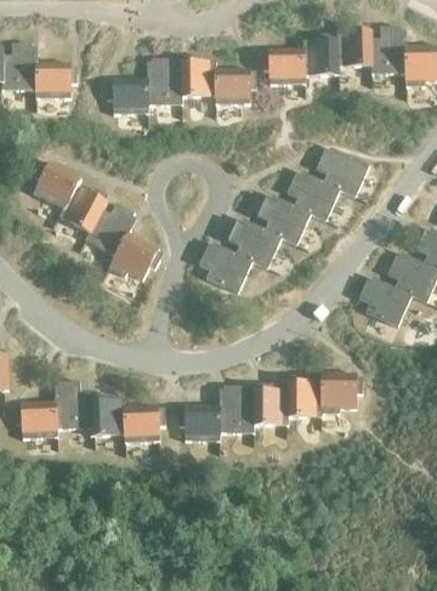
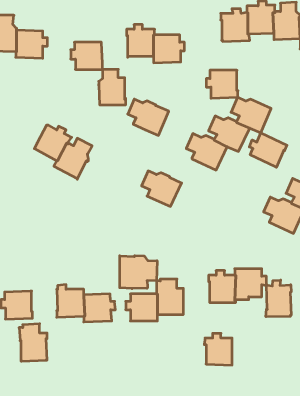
building: [263,49,305,85] -> [206,70,238,98]
building: [147,58,182,104] -> [99,69,126,105]
building: [33,160,81,209] -> none
building: none -> [249,133,287,167]
building: [228,221,282,268] -> [128,99,169,135]
building: [109,232,159,280] -> none
building: none -> [120,256,157,289]
building: [53,380,90,428] -> [19,324,47,361]
building: [251,383,288,425] -> [204,333,232,365]
building: none -> [266,280,291,317]

